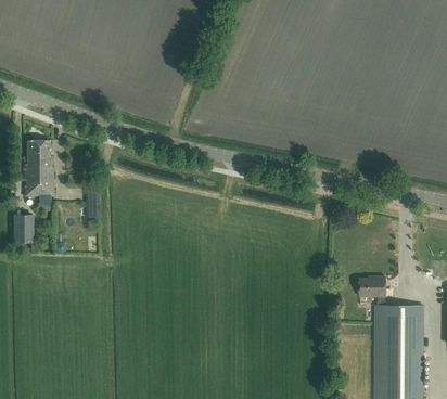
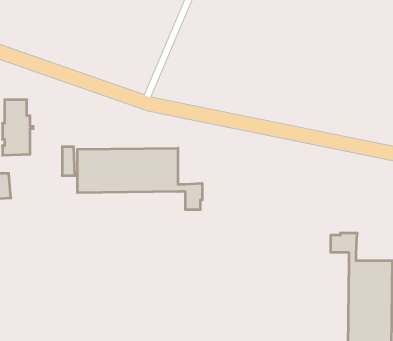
building: none -> [77,148,202,210]

